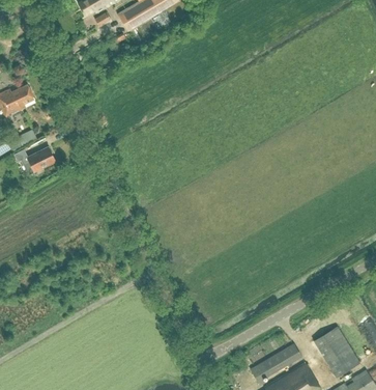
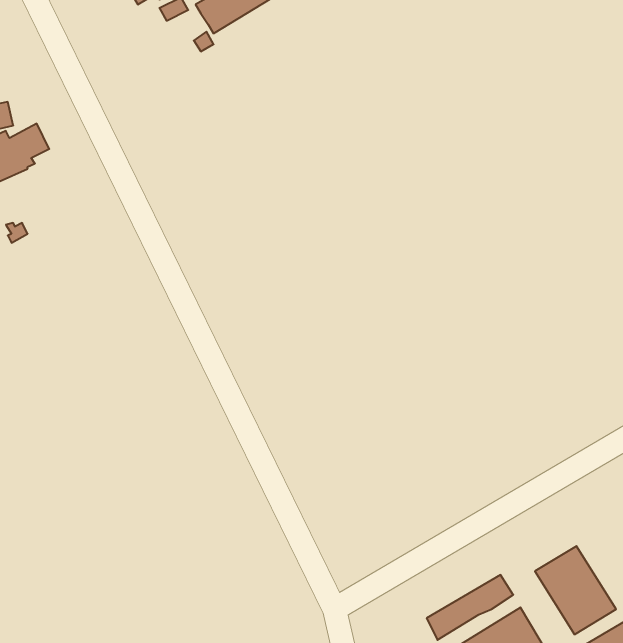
building: [13,146,55,173] -> none

